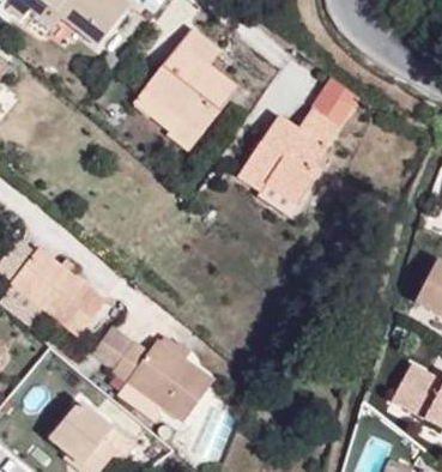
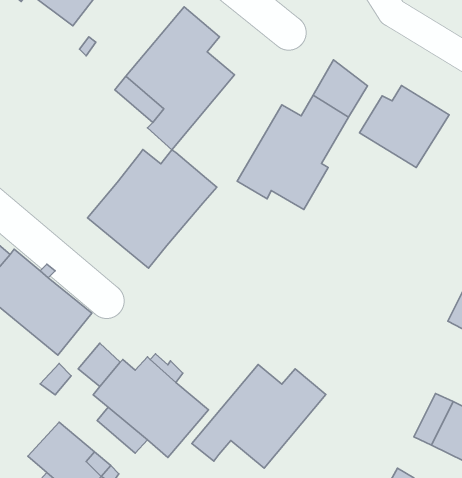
building: none -> [360,86,449,168]
building: none -> [87,149,217,268]
building: none -> [192,365,326,468]

